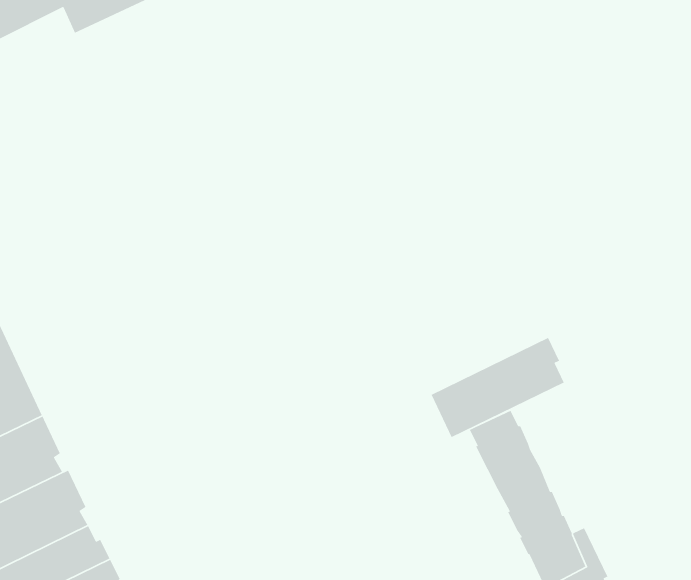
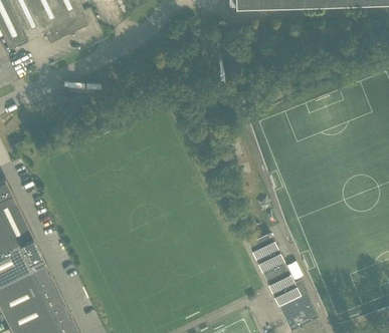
building: [430,337,565,438] -> none

